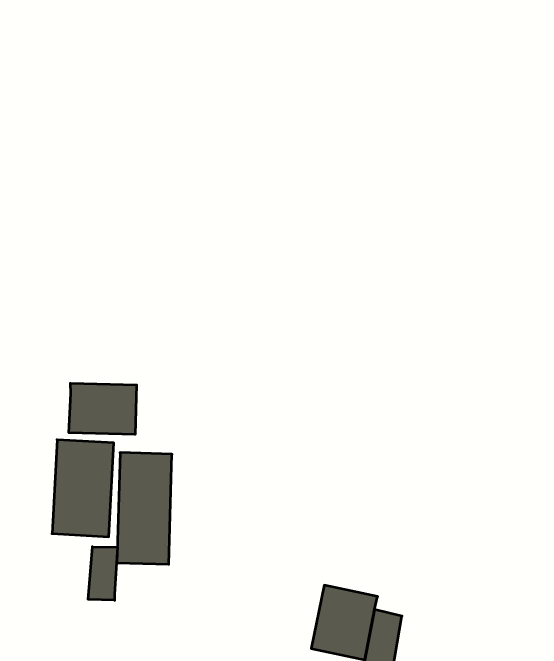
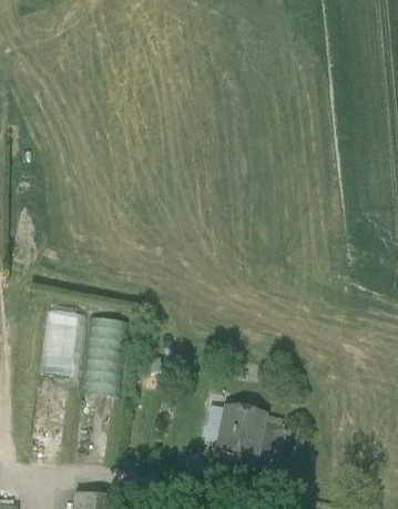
building: [69,383,137,434] -> none
building: [88,547,117,600] -> none

